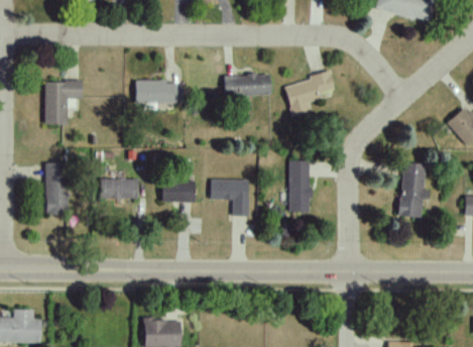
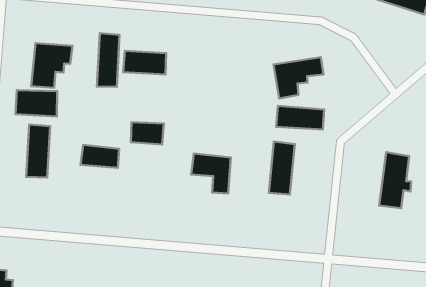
building: none -> [97,33,119,87]
building: [224,75,270,96] -> [276,106,324,130]
building: none -> [15,90,57,117]
building: [161,181,194,202] -> [131,122,164,145]

